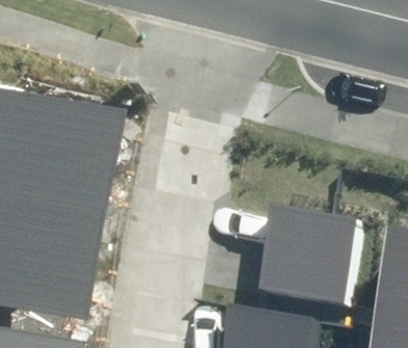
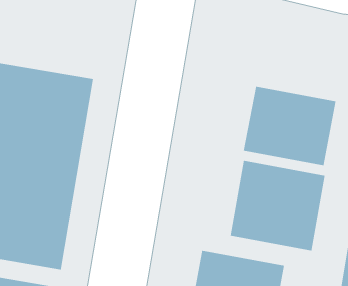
building: none -> [243,86,336,166]

